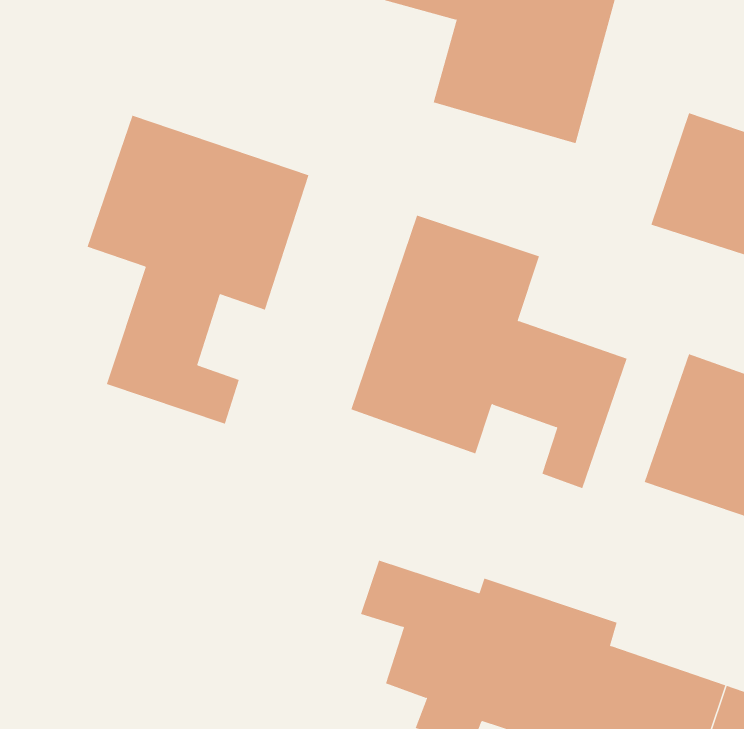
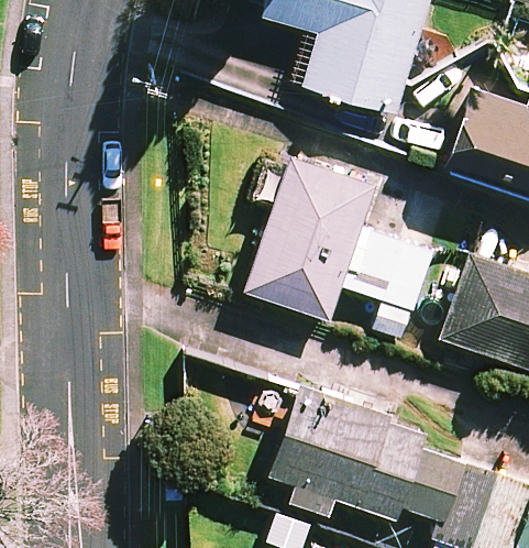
building: [87,115,309,424] -> none

